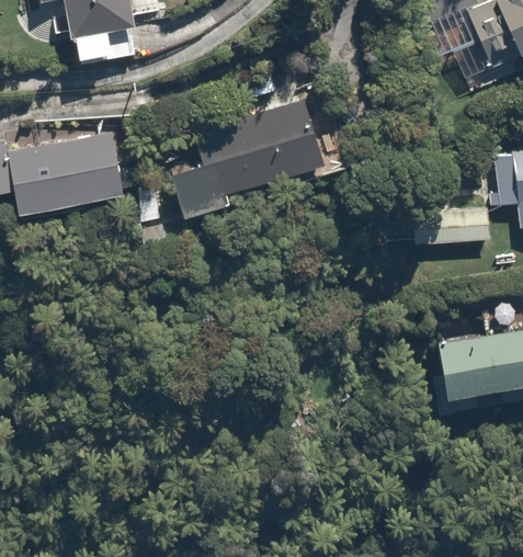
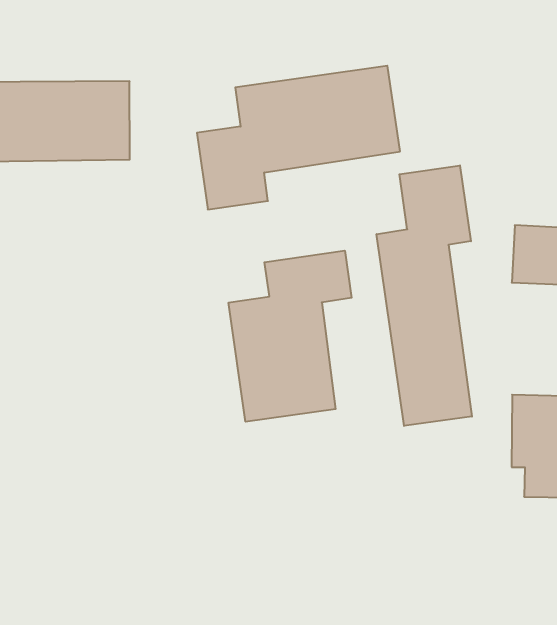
building: none -> [377,165,472,426]
building: none -> [229,251,352,422]

